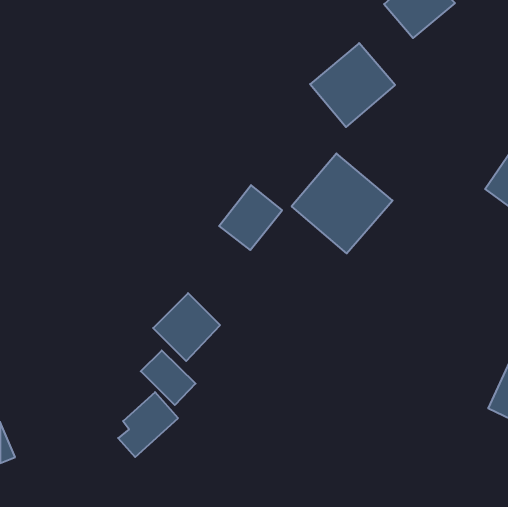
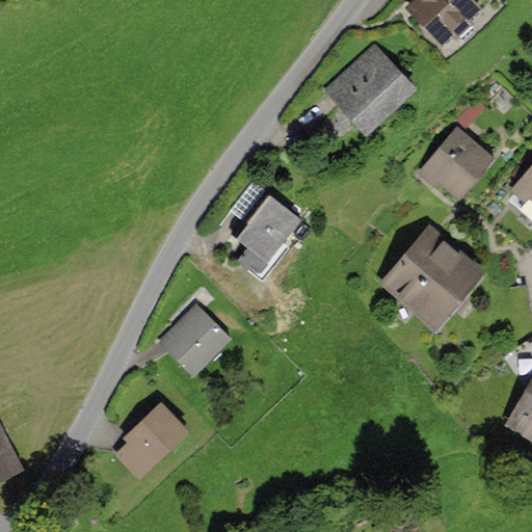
building: none -> [422,125,493,195]
building: [292,153,393,253] -> [380,227,485,330]
building: [141,350,196,405] -> none

